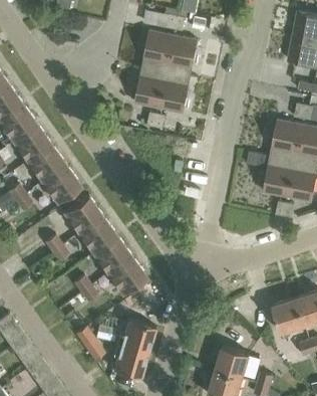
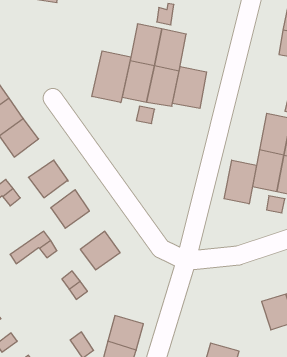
building: none -> [92,51,131,103]
building: none -> [173,66,207,108]
building: [27,144,66,182] -> none
building: none -> [224,160,257,204]
building: [77,215,116,253] -> none
building: [107,256,146,293] -> none

